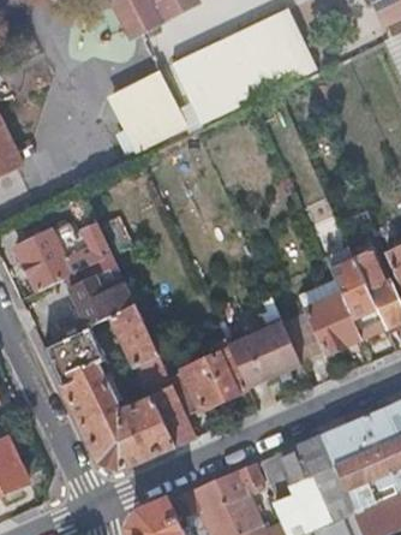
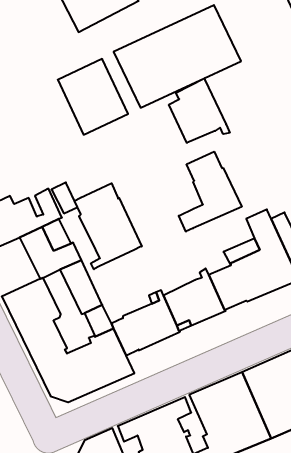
building: none -> [169,78,230,143]
building: none -> [179,152,242,232]
building: none -> [74,183,142,269]

